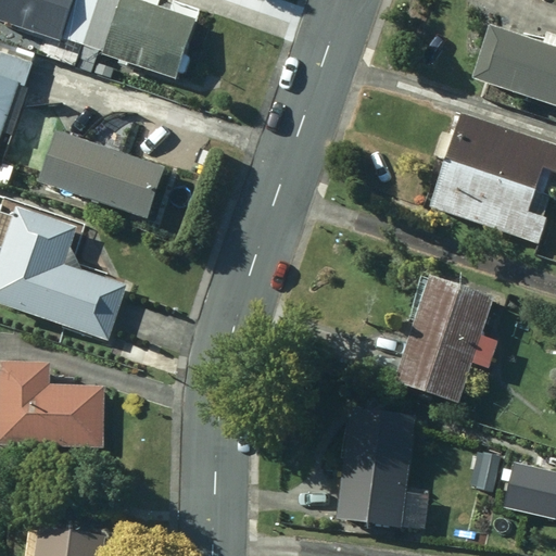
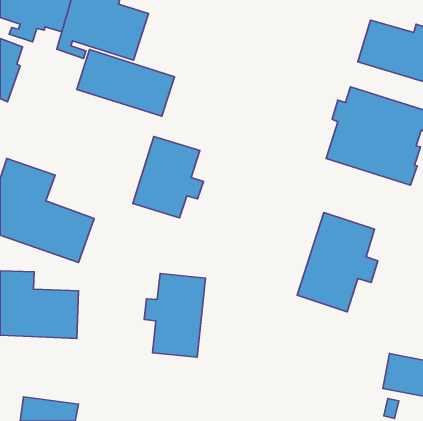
building: [37,130,164,217] -> [77,49,174,116]
building: none -> [133,136,203,218]
building: none -> [144,273,205,357]
building: [319,409,414,529] -> none

